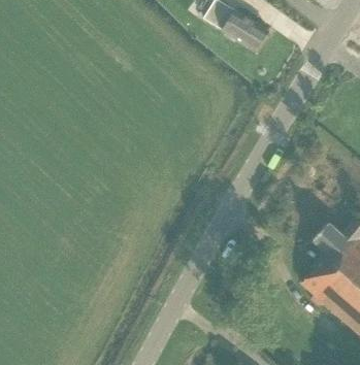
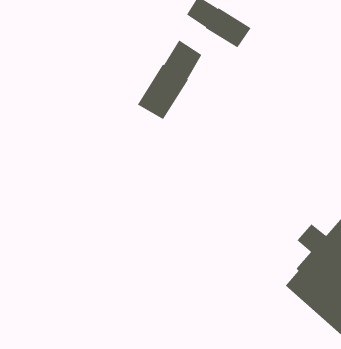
building: none -> [137,40,202,120]

